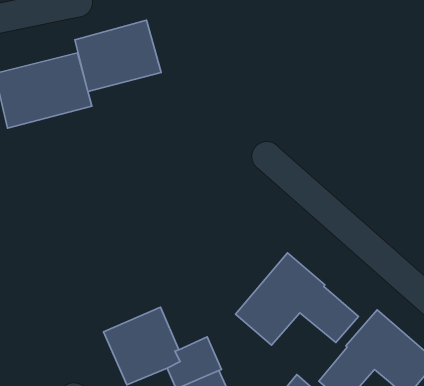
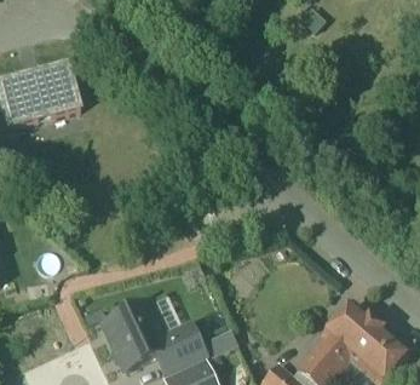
building: [75,20,161,92] -> none
building: [236,253,358,345] -> none

